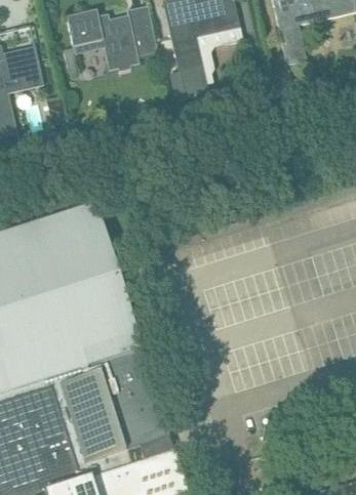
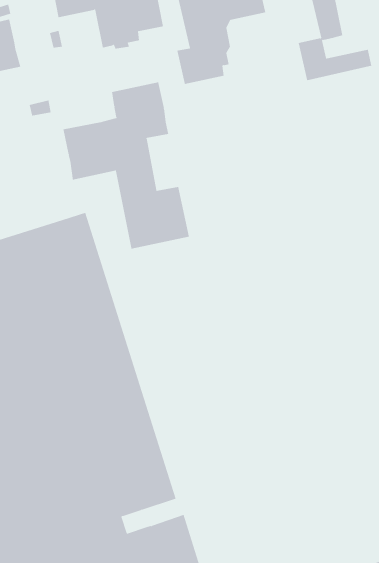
building: none -> [63,82,190,249]

